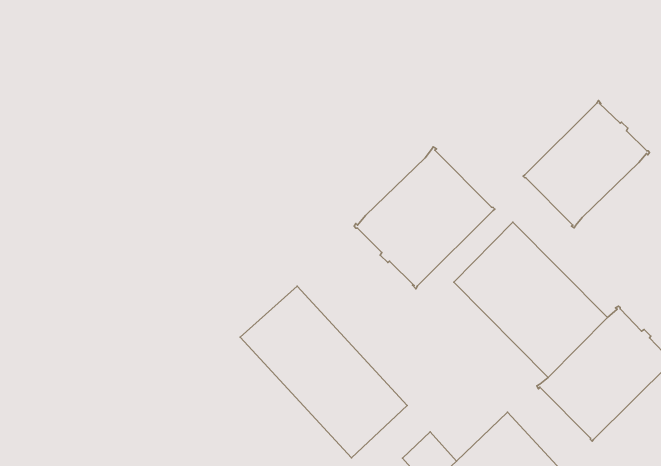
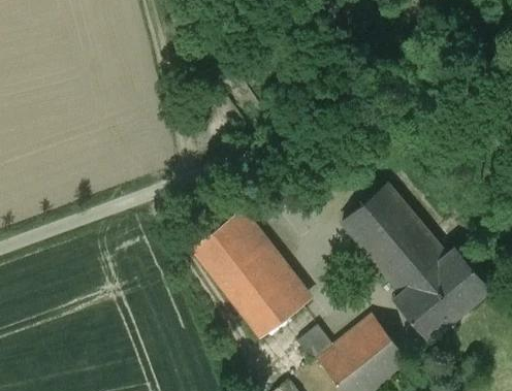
building: [523,100,649,228] -> none
building: [354,147,495,289] -> none

